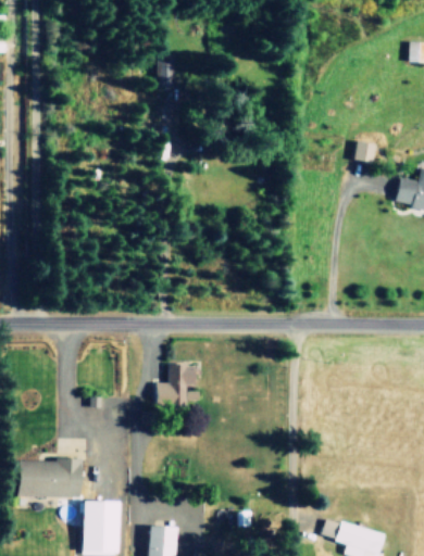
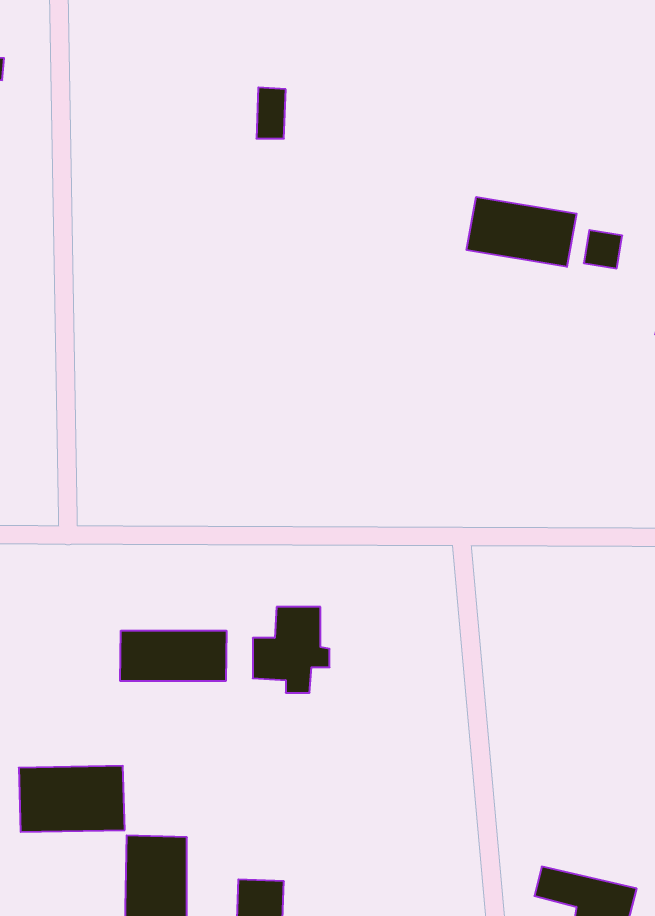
building: none -> [467,197,577,267]
building: none -> [120,631,226,681]

